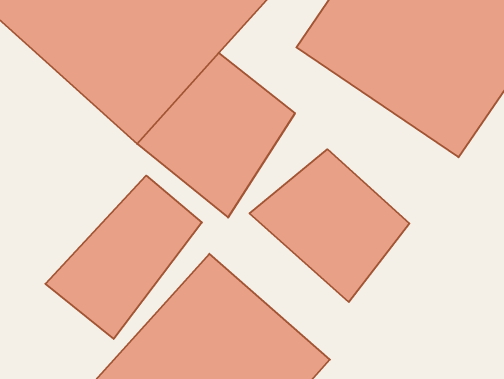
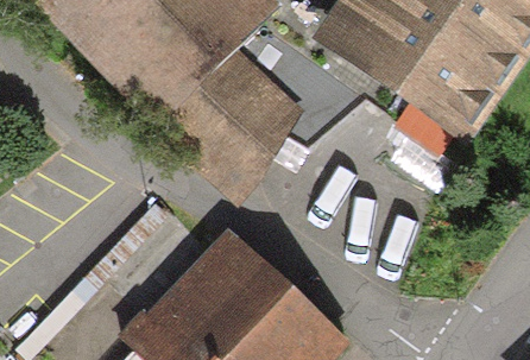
building: [250,149,409,302] -> none
building: [45,176,202,339] -> none

